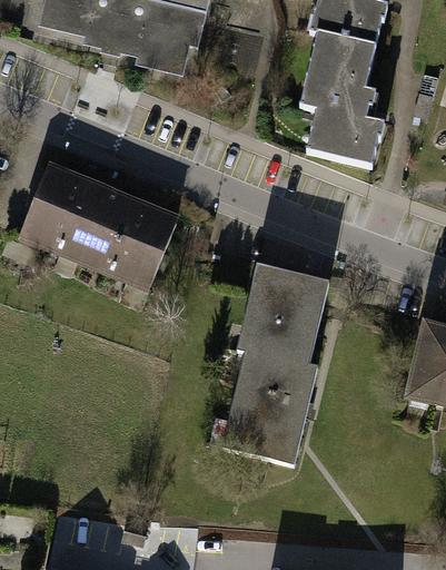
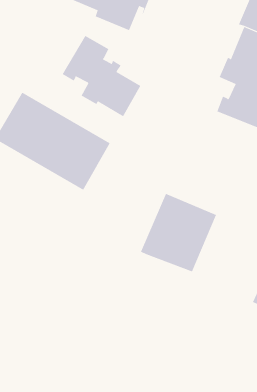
building: none -> [62,35,141,117]
building: [221,353,317,463] -> none

